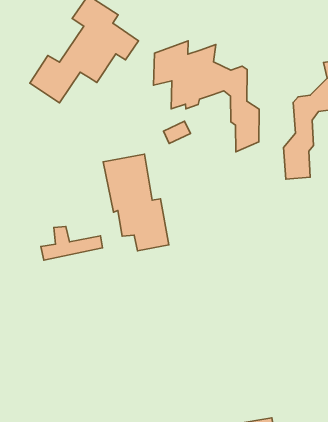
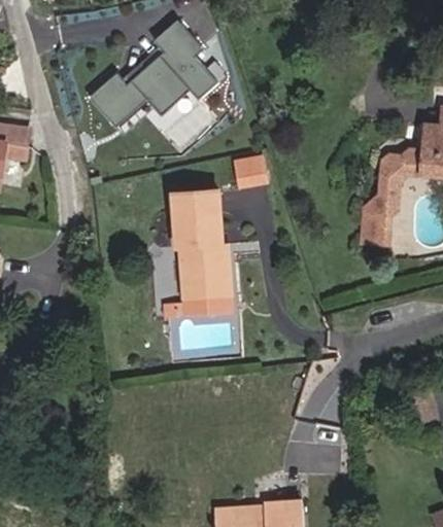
building: [154,41,259,152] -> none
building: [41,226,103,260] -> [156,279,223,313]

